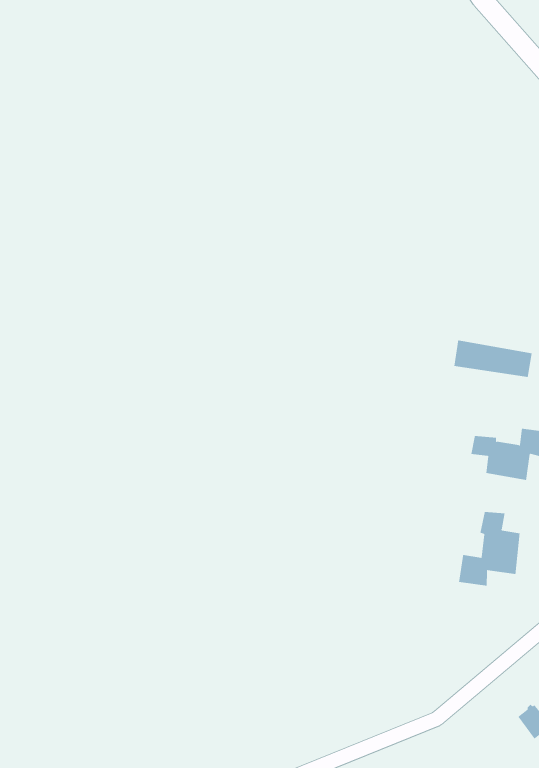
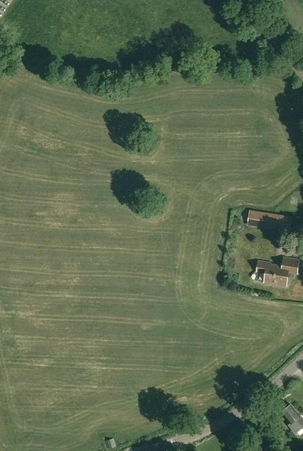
building: [459,511,520,586] -> none

